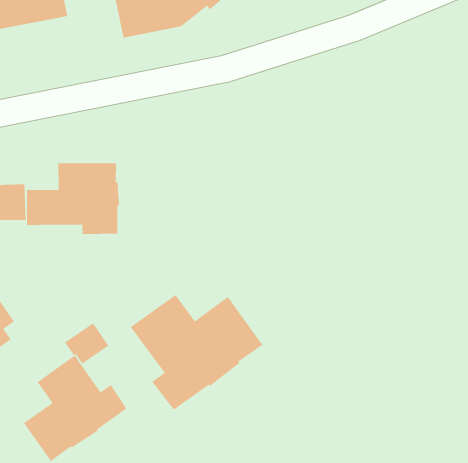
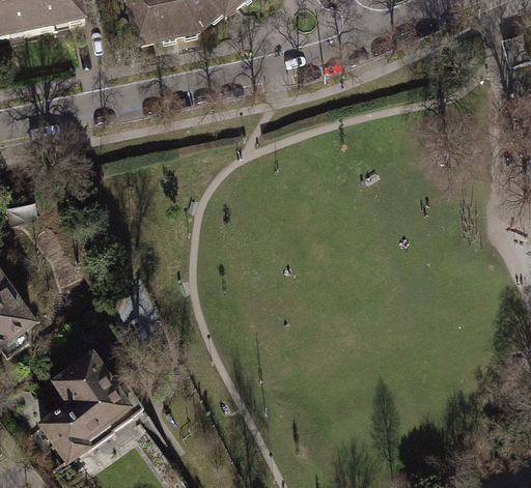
building: [26,162,120,235] -> none
building: [130,294,263,410] -> none

